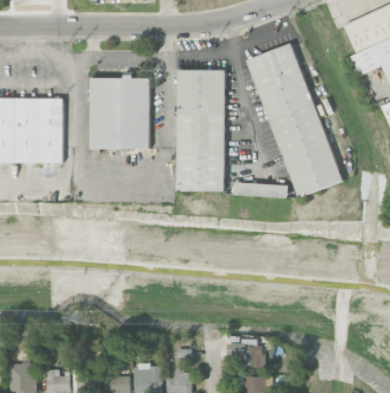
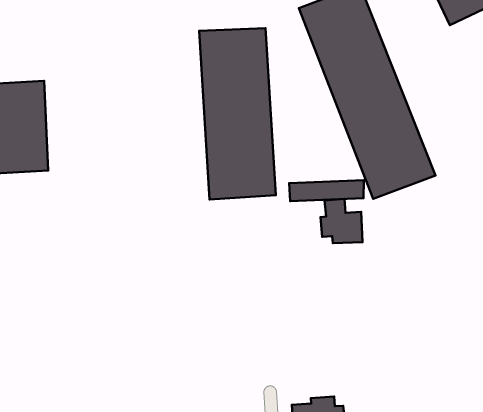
building: [90,77,150,149] -> none
building: none -> [320,199,362,243]

